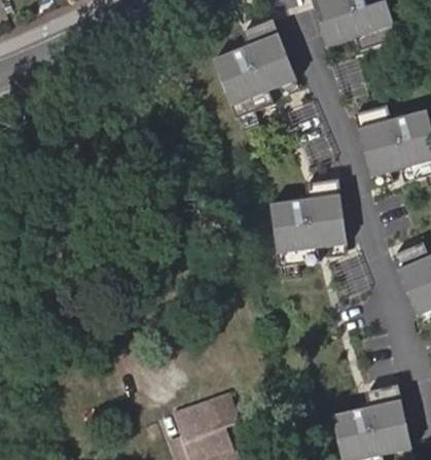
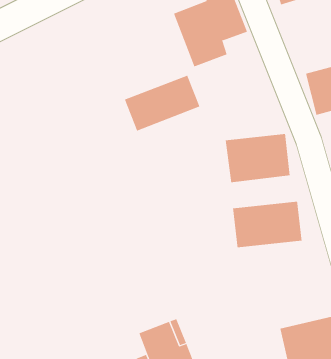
building: none -> [124,75,200,131]
building: none -> [233,201,302,248]

